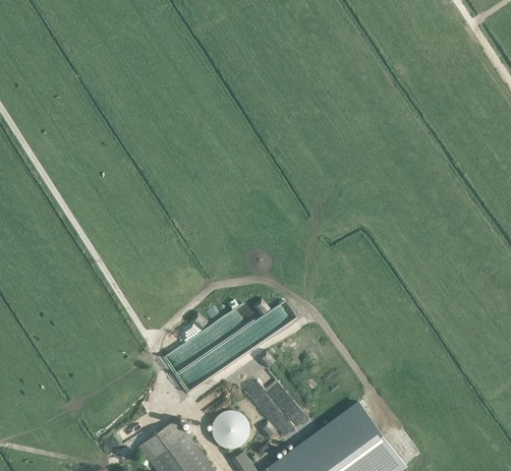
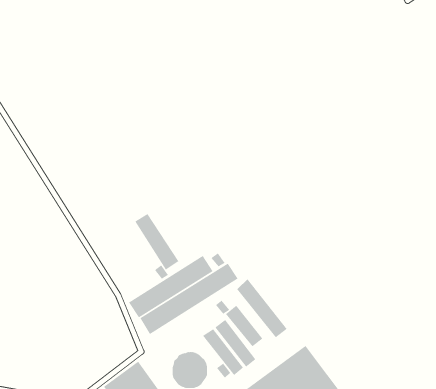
building: none -> [135,213,179,270]
building: none -> [237,279,287,338]
building: none -> [225,305,263,347]

